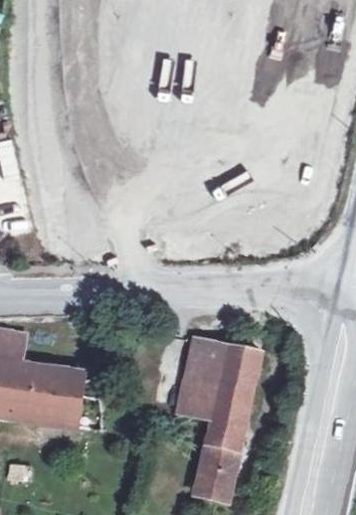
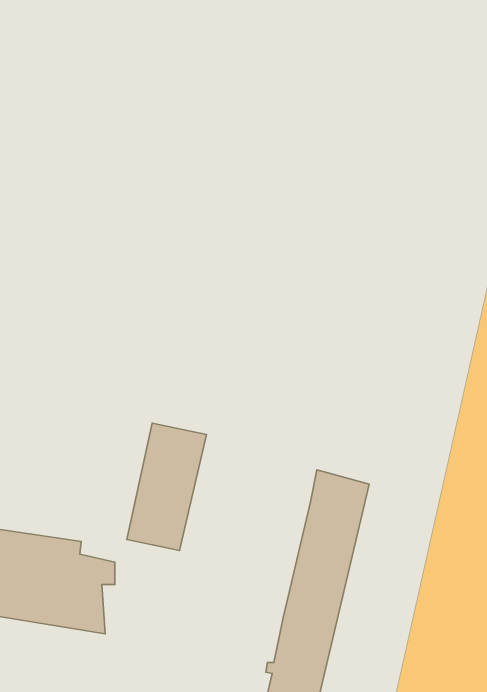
building: [176,341,226,421] -> [127,423,206,551]

